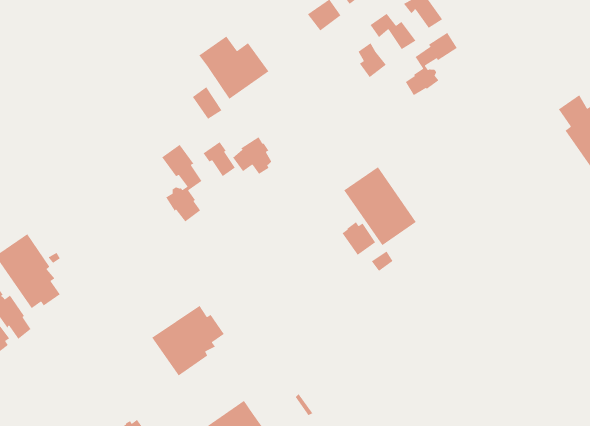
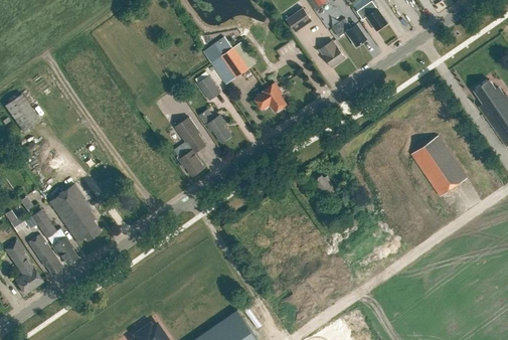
building: [405,32,458,96] -> none
building: [232,136,272,175] -> [255,83,285,113]
building: [343,166,417,246] -> [411,137,467,197]
building: [151,305,225,377] -> none

